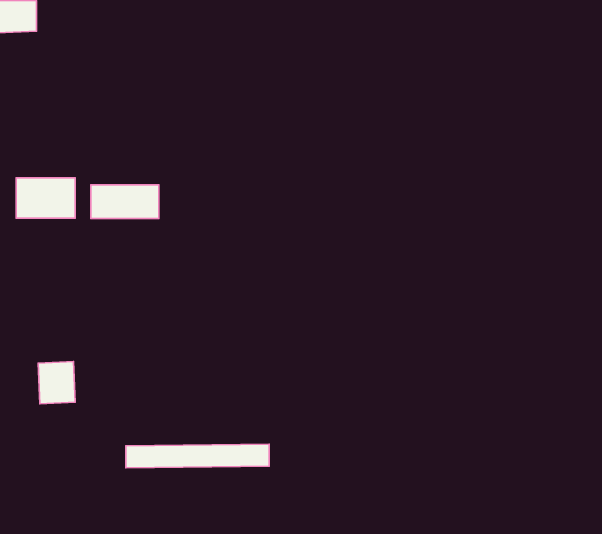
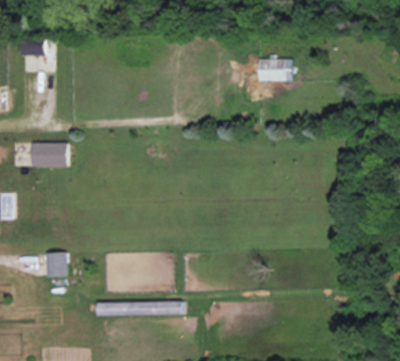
building: none -> [257,59,290,81]
building: [91,185,159,219] -> none

